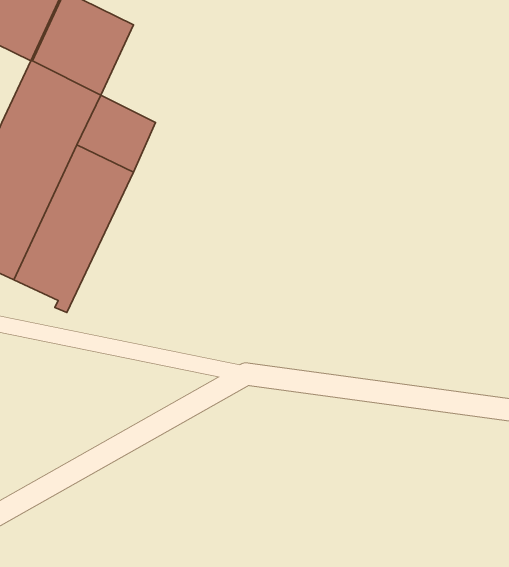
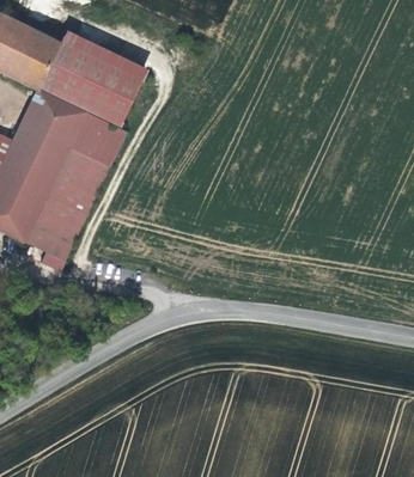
building: none -> [85,62,148,130]

